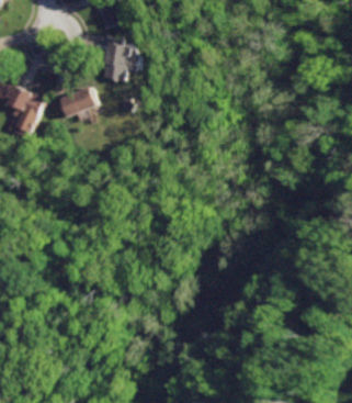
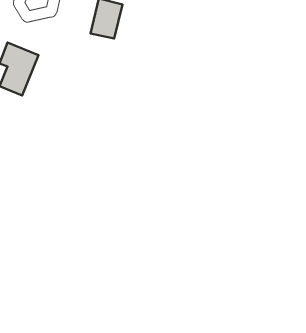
building: [60,86,99,119] -> none

